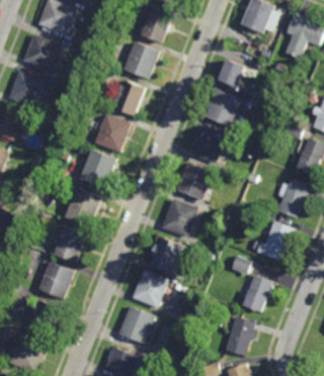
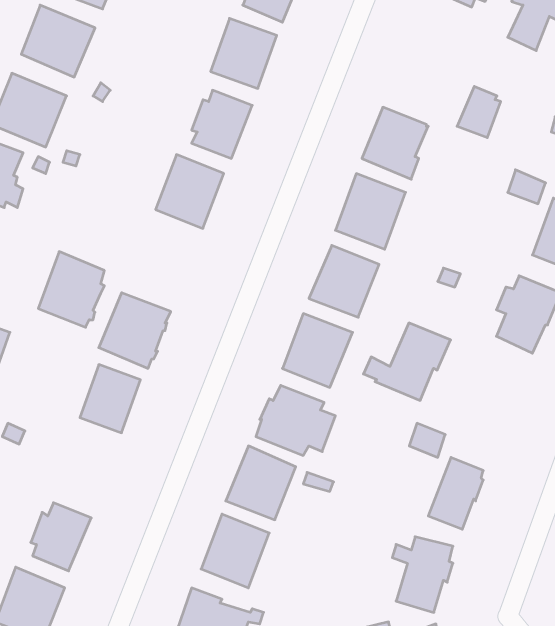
building: [220,57,243,84] -> [457,86,501,138]
building: [80,148,115,188] -> [38,252,104,327]
building: [248,221,295,263] -> [363,323,451,400]
building: [37,262,74,299] -> none

